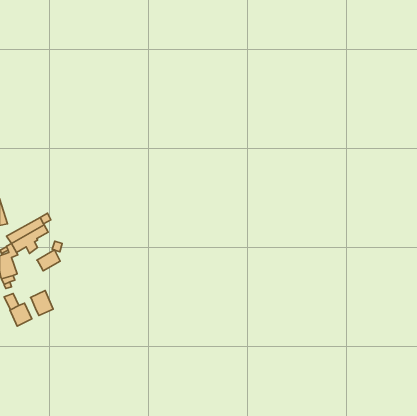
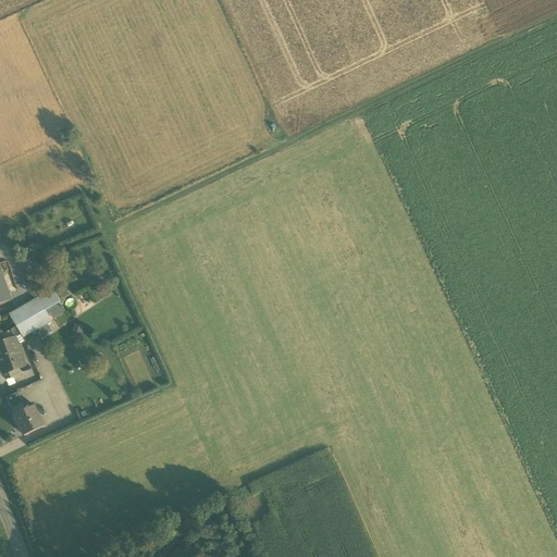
building: [37,250,60,271] -> none
building: [30,291,53,316] -> none

